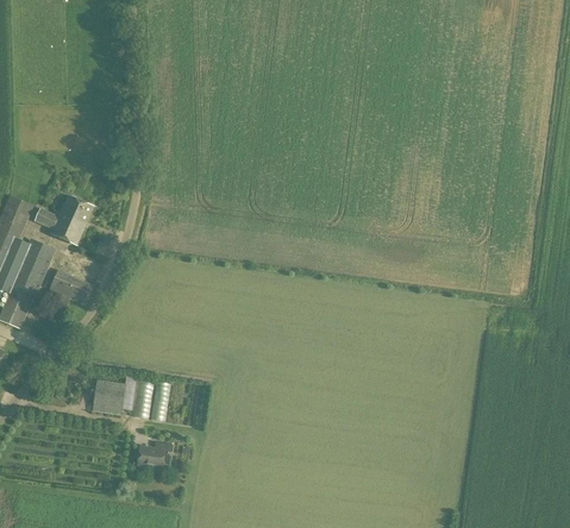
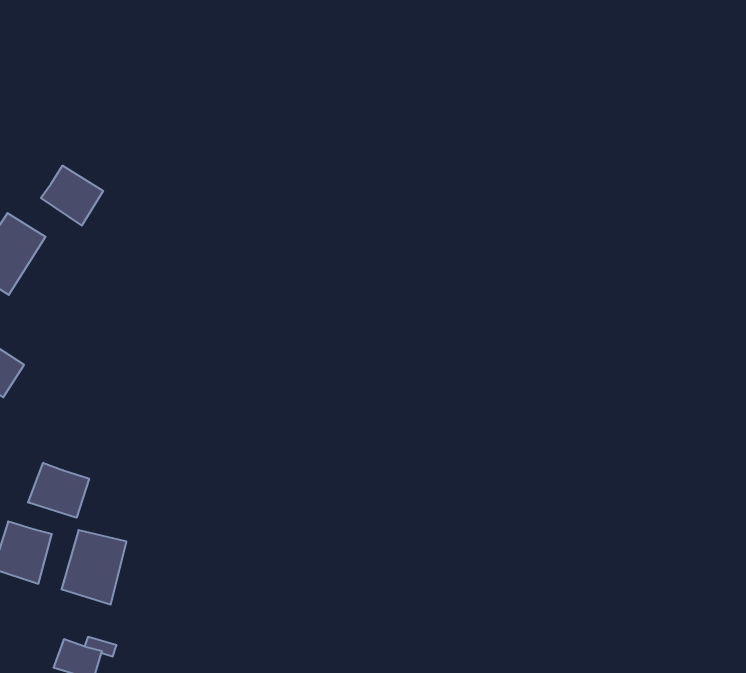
building: none -> [41,166,103,226]
building: none -> [28,463,89,518]

